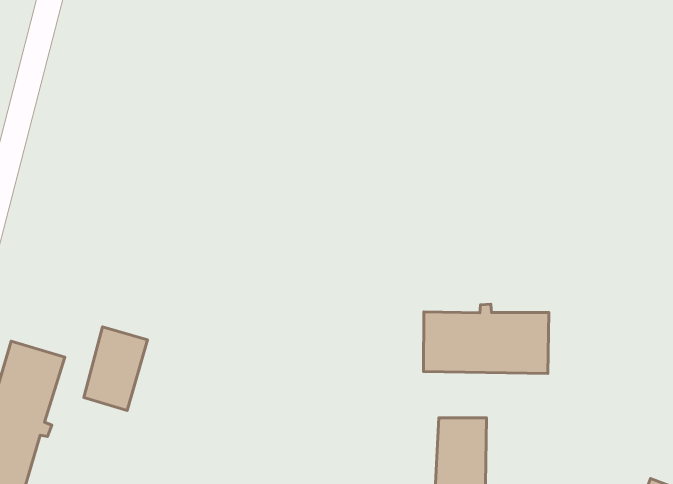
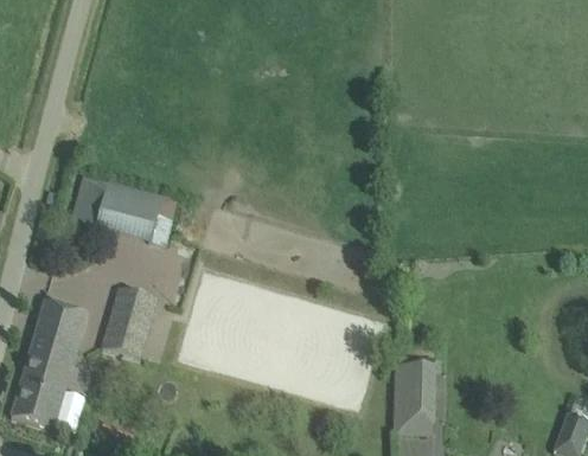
building: none -> [70,174,178,245]
building: [423,304,549,374] -> none

